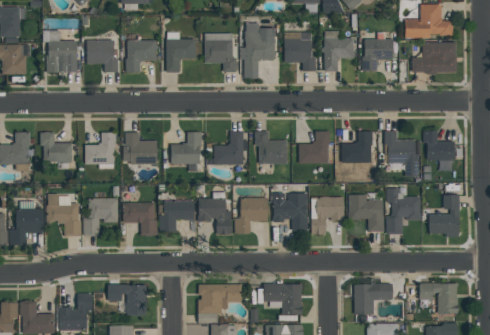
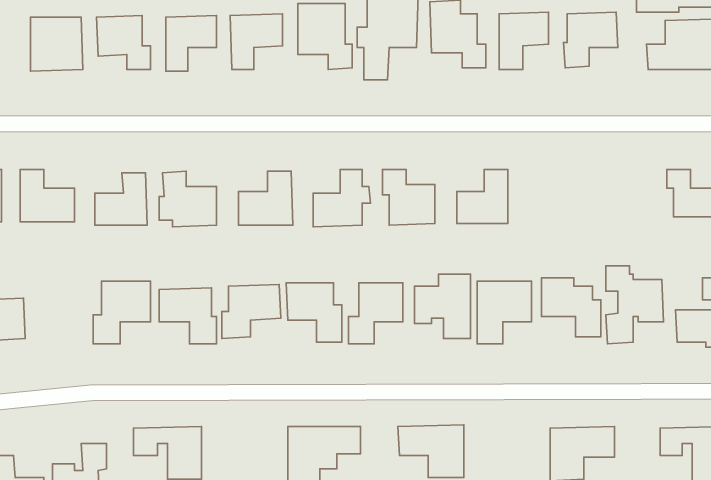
building: [342,131,373,171] -> none
building: [384,131,415,164] -> none
building: [48,193,81,234] -> none

